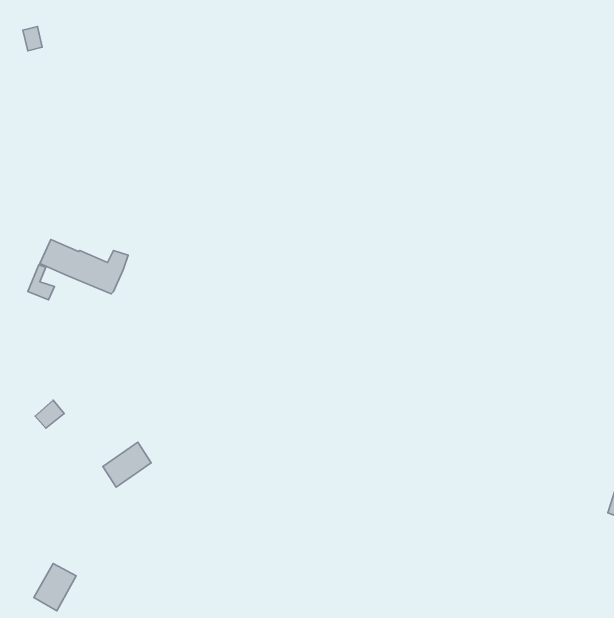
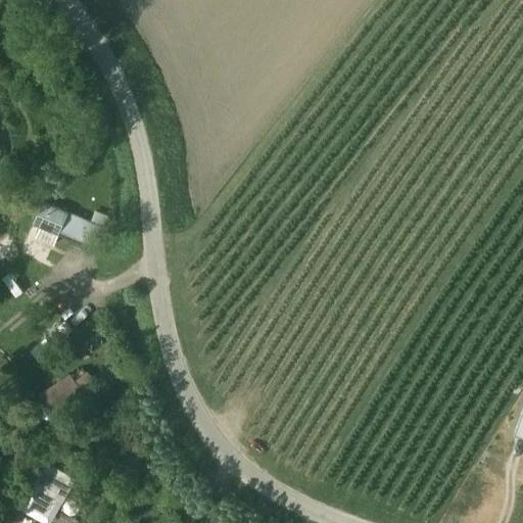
building: [103,442,151,487] -> [42,374,83,412]

